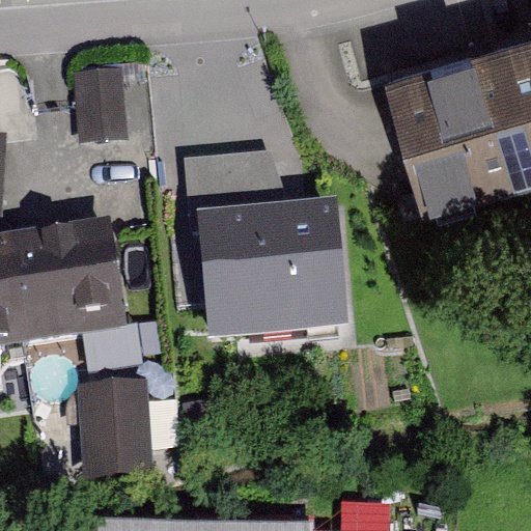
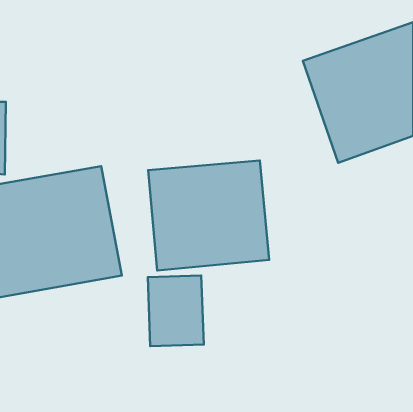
building: [69,62,131,142] -> none
building: [84,385,155,474] -> [148,275,204,346]

